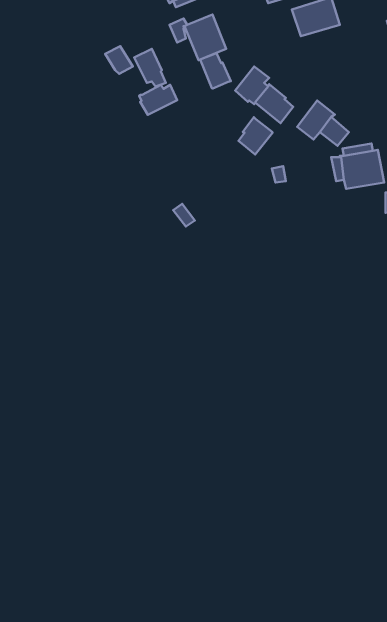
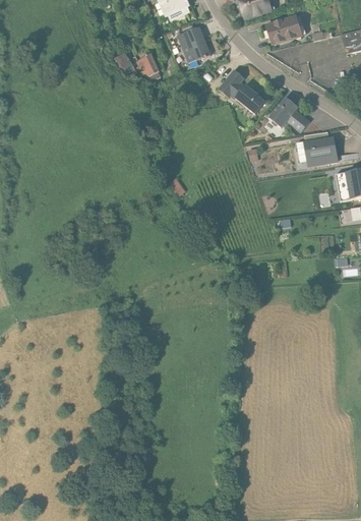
building: [200,53,231,88] -> none
building: [139,85,177,115] -> none
building: [239,117,272,155] -> none

